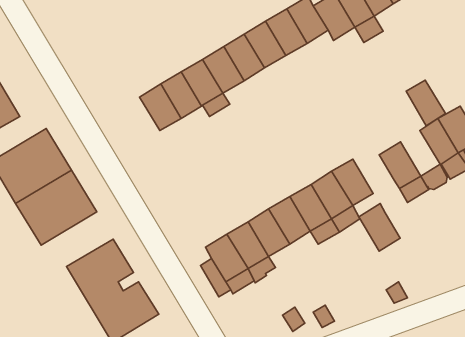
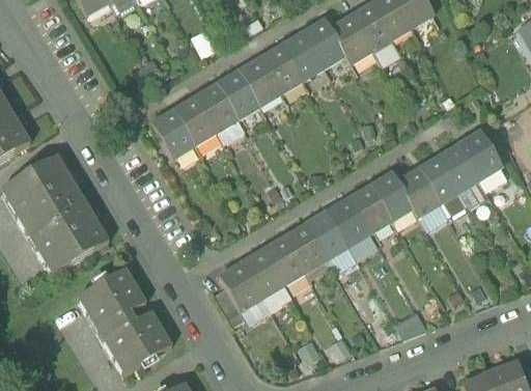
building: [406,80,446,126] -> [418,156,458,202]
building: [359,204,400,251] -> [369,171,412,220]

